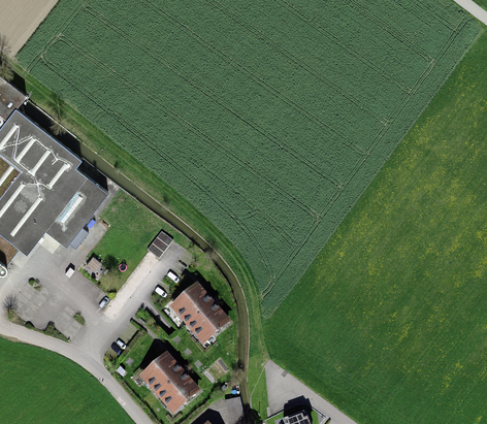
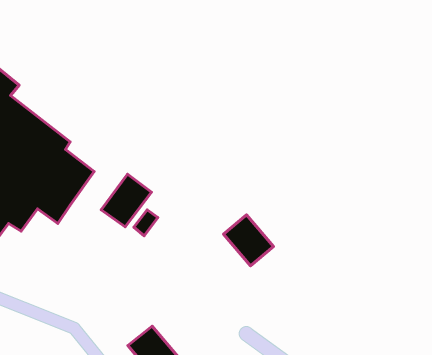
building: none -> [101,174,152,227]
building: [170,286,224,340] -> [224,215,274,266]

